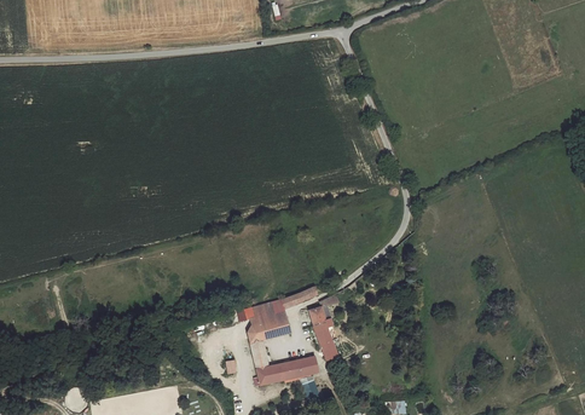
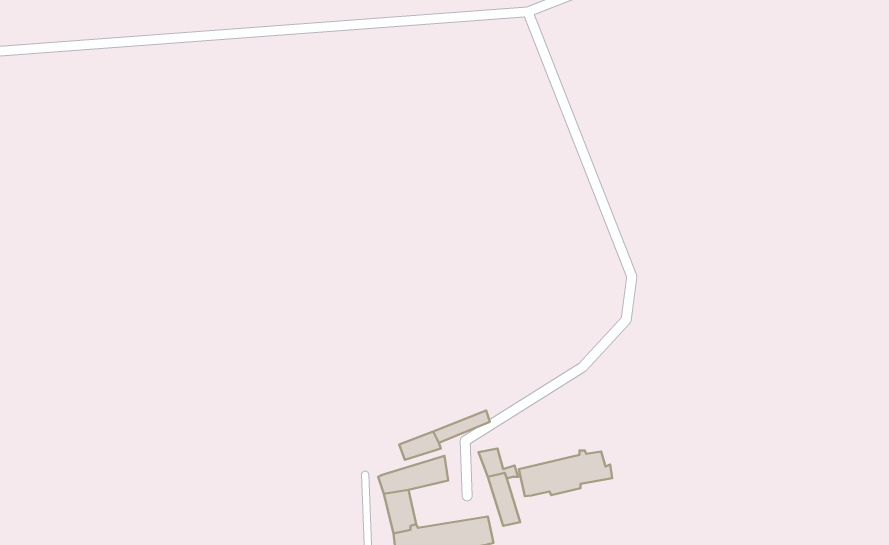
building: none -> [519,450,612,496]

